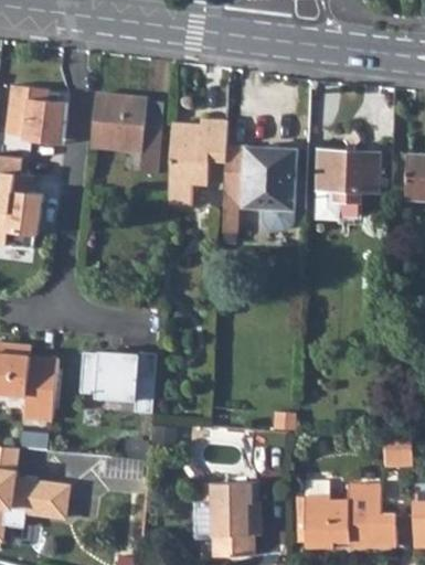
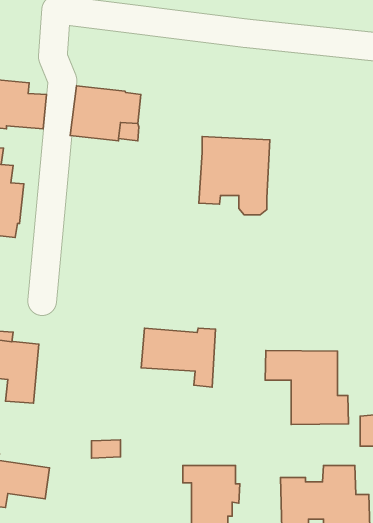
building: [164,119,226,207] -> none
building: [316,150,381,218] -> none
building: [79,353,156,414] -> [141,328,215,387]
building: none -> [265,351,348,425]

